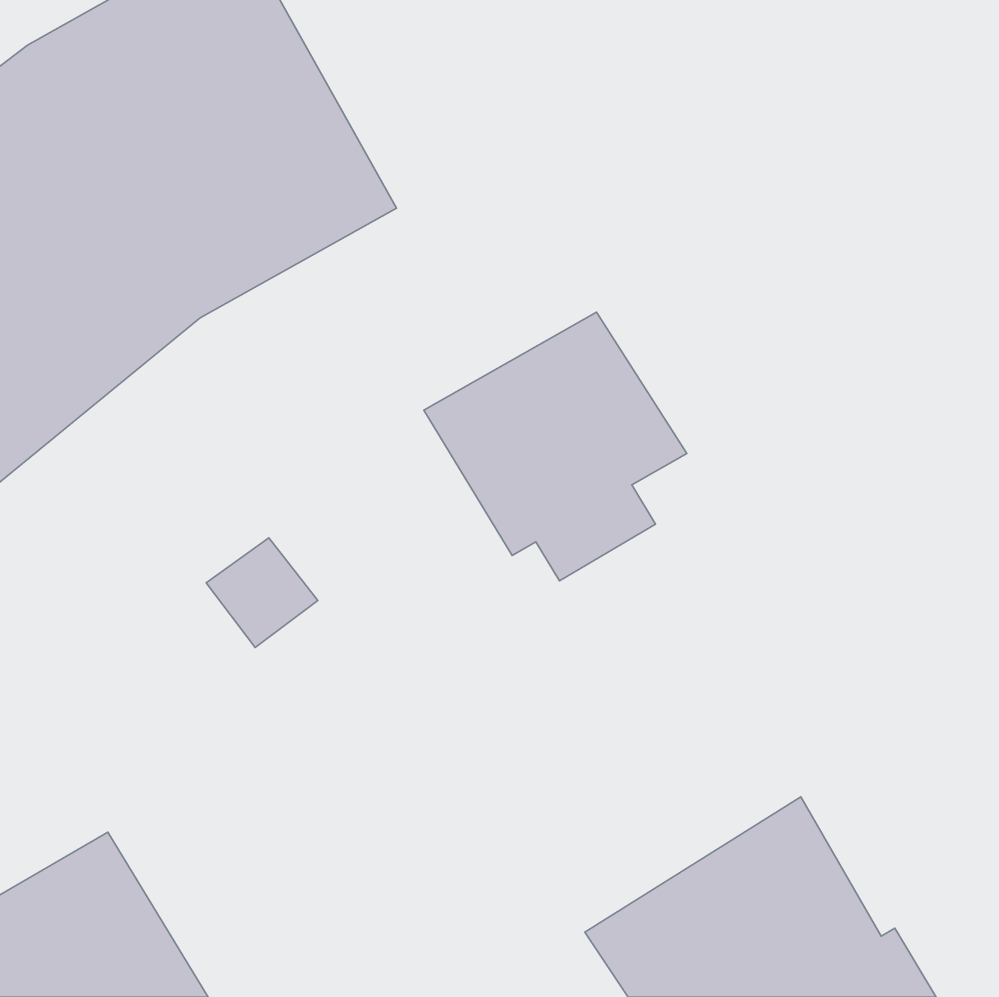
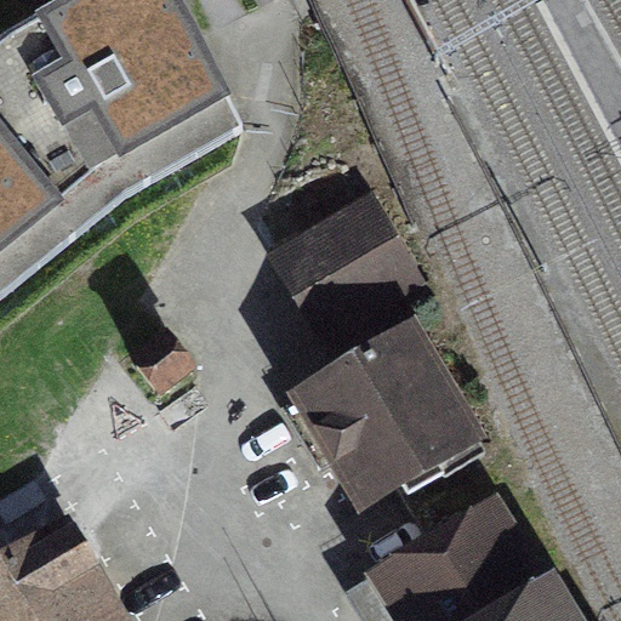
building: none -> [284,318,486,520]

